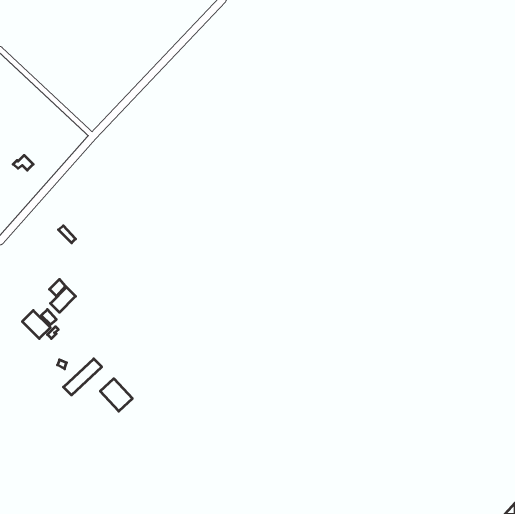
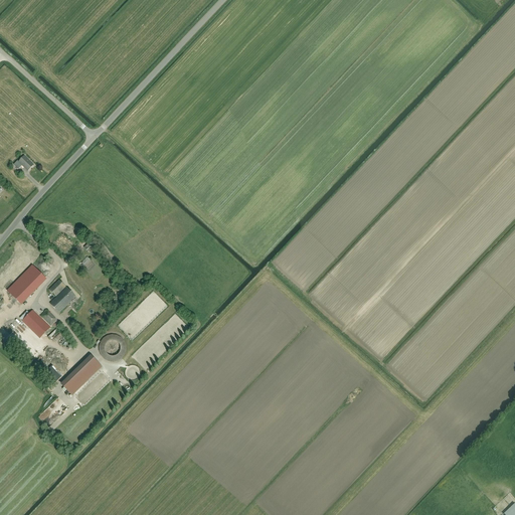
building: none -> [7,265,44,302]
building: [100,379,132,411] -> none

